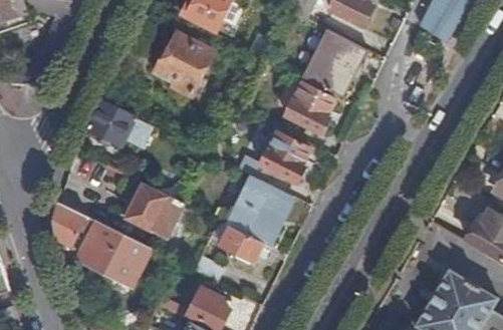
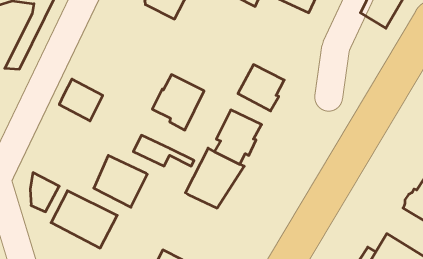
building: [300,28,357,97] -> none
building: [155,32,212,93] -> [152,75,204,130]
building: [220,226,287,260] -> [133,135,194,166]

